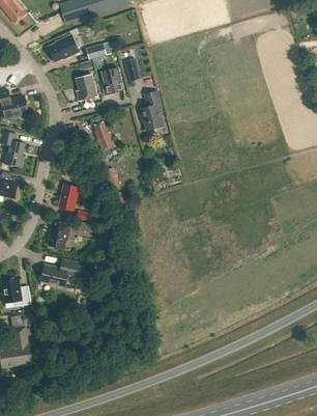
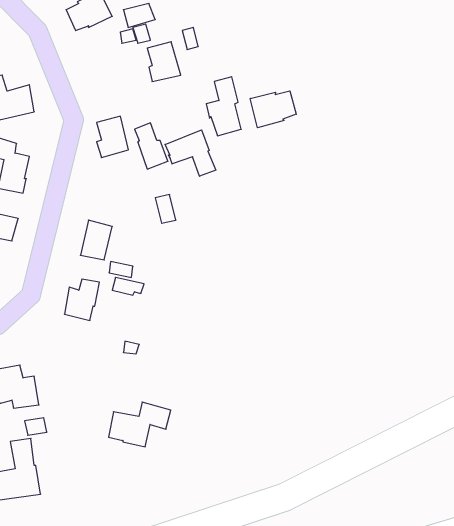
building: [76,74,96,101] -> [97,116,128,158]
building: none -> [250,91,296,128]
building: none -> [165,130,216,176]
building: [41,258,82,287] -> [109,402,171,447]

